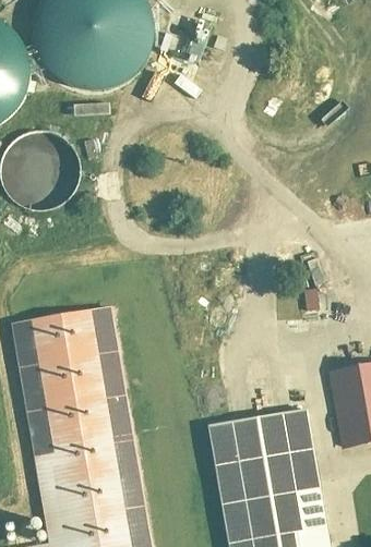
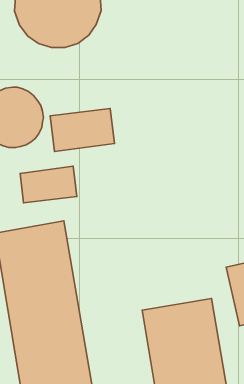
building: none -> [50,108,114,152]
building: none -> [20,166,77,203]

